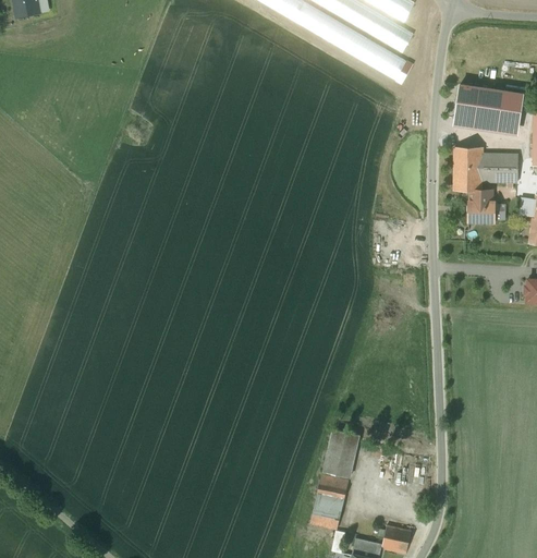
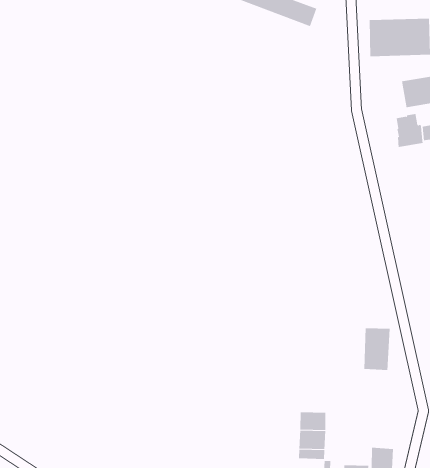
building: [453,147,483,191] -> none
building: [324,429,358,477] -> [364,328,391,370]

